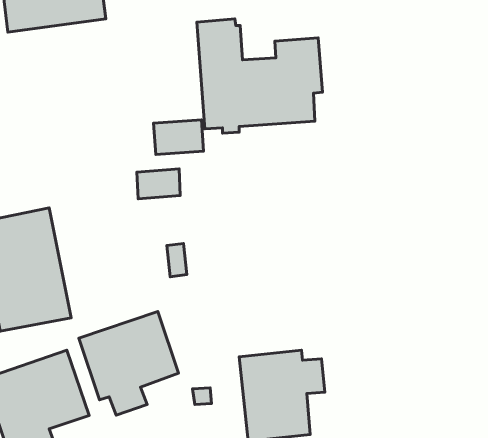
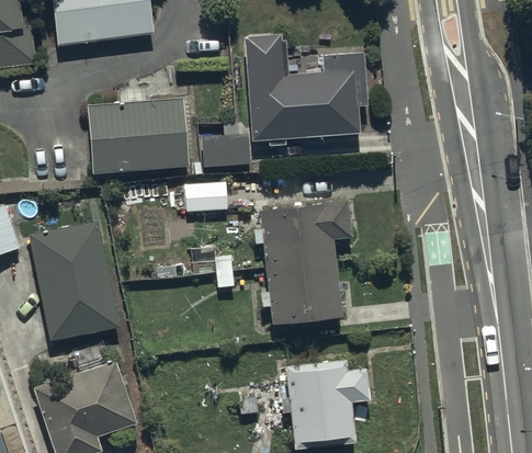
building: none -> [87,97,189,173]
building: none -> [253,200,352,325]
building: [79,311,179,415] -> none

